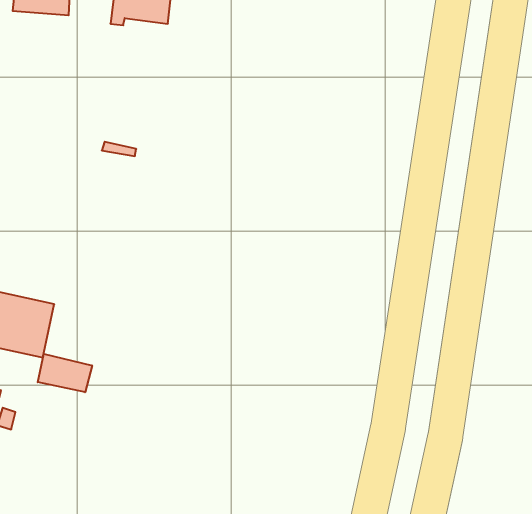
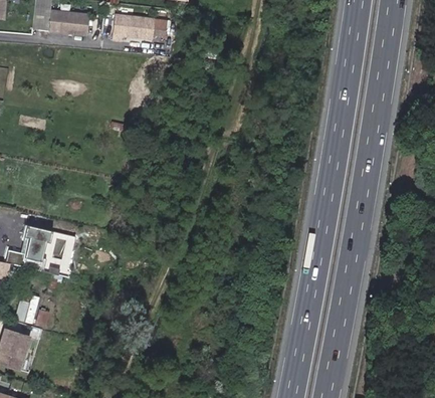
building: [38,354,92,392] -> none

